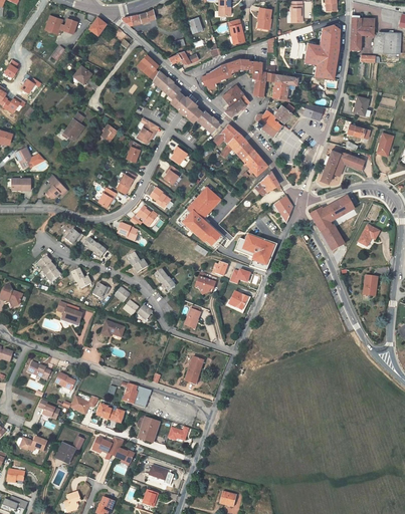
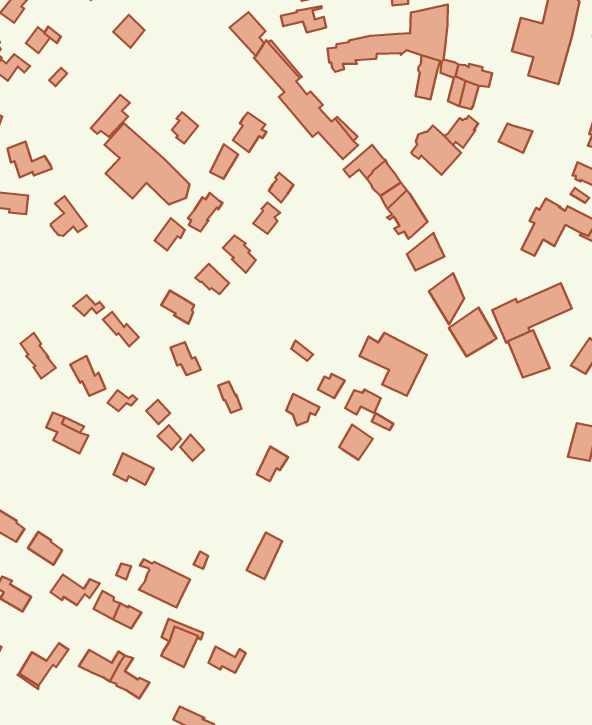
building: [221,85,249,115] -> none
building: none -> [105,123,189,204]
building: [183,187,220,244] -> none
building: none -> [449,308,497,357]

